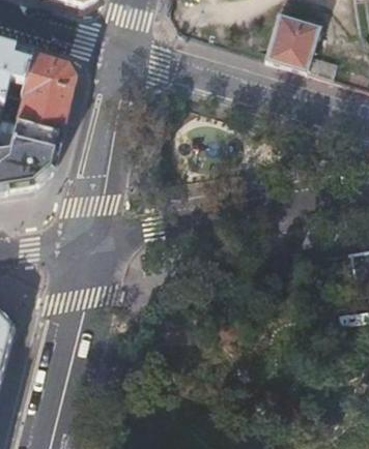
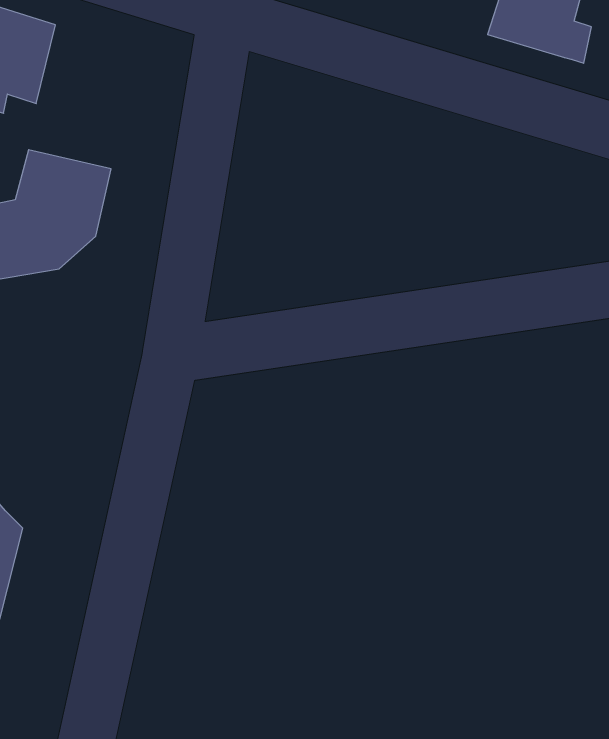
building: [19,46,77,123] -> none

